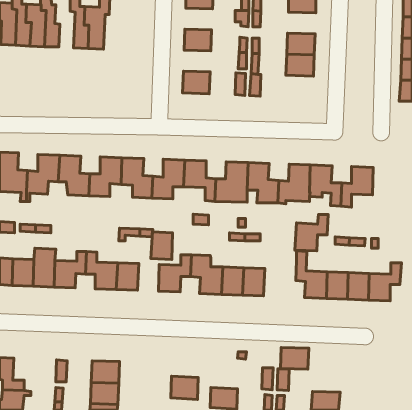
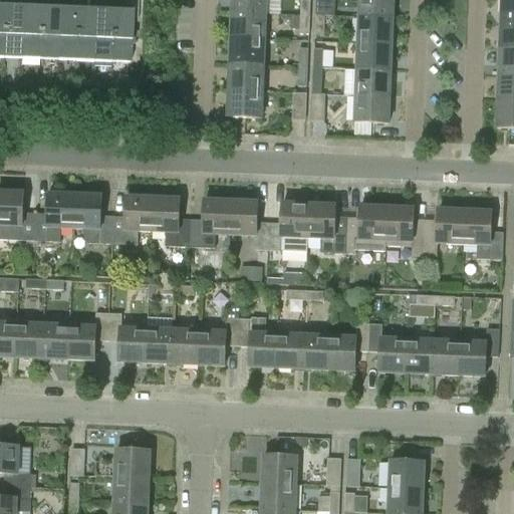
building: none -> [68,6,93,59]
building: none -> [230,10,264,37]
building: none -> [357,15,393,42]
building: none -> [228,62,262,89]
building: none -> [354,93,390,121]
building: none -> [463,208,503,257]
building: [295,215,328,251] -> [327,323,368,368]
building: [151,232,173,259] -> [171,327,198,361]
building: [281,347,309,369] -> [389,460,424,487]
building: [171,376,198,399] -> [262,454,296,483]

